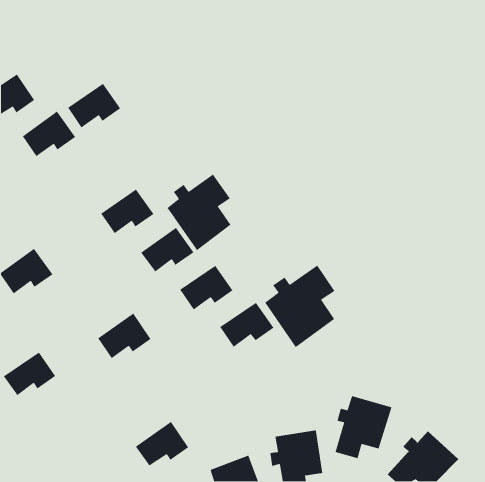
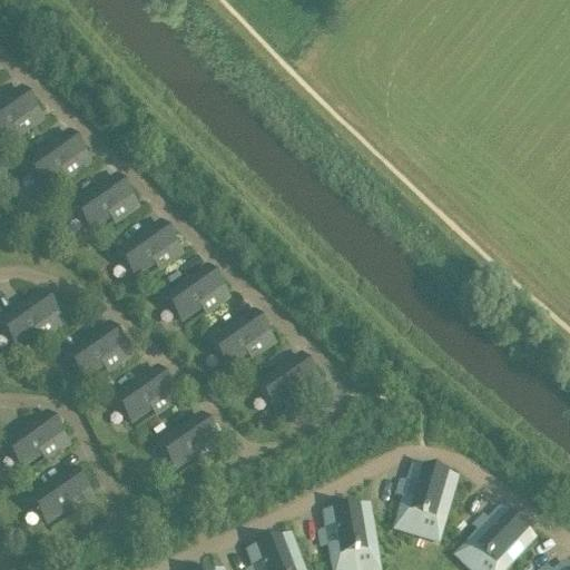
building: [67,83,121,129] -> [75,174,138,227]
building: [166,173,232,251] -> none
building: [264,264,336,348] -> none
building: none -> [68,322,131,375]
building: none -> [32,466,95,519]
building: [135,421,189,467] -> [159,412,223,465]

